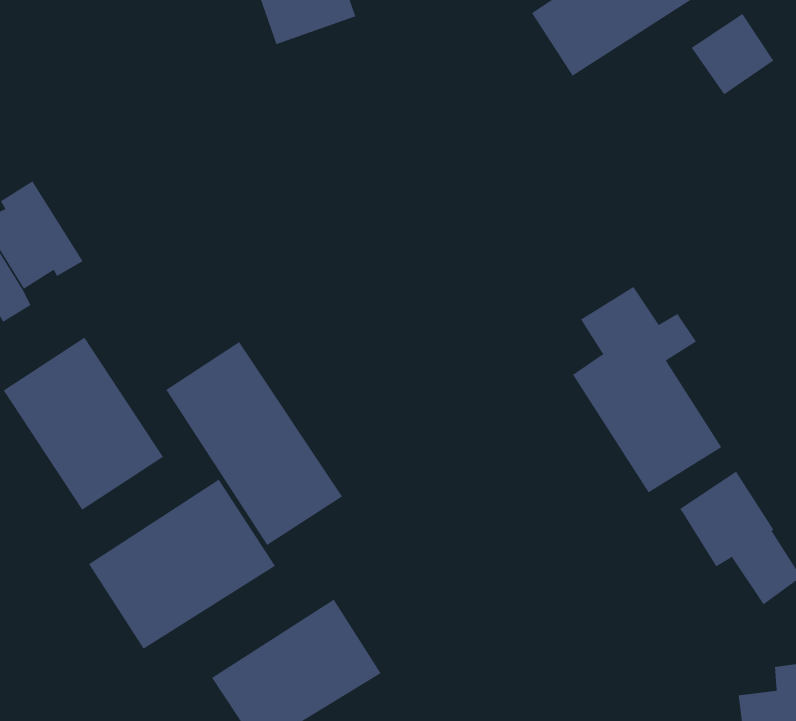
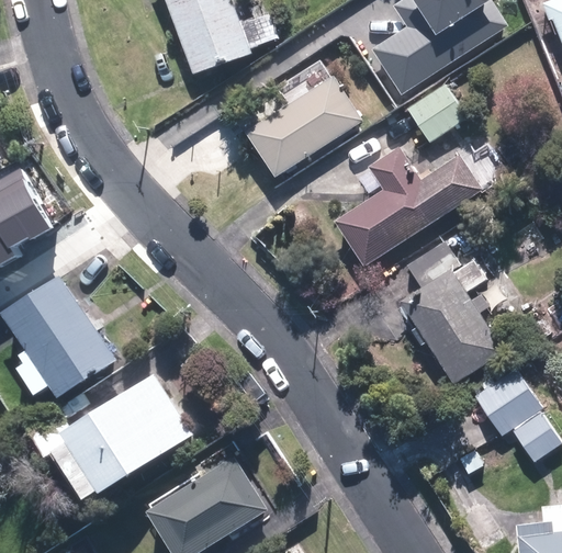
building: [691,13,774,95] -> [405,86,463,143]
building: none -> [245,76,361,177]
building: none -> [333,146,481,267]
building: [165,341,343,546] -> none

